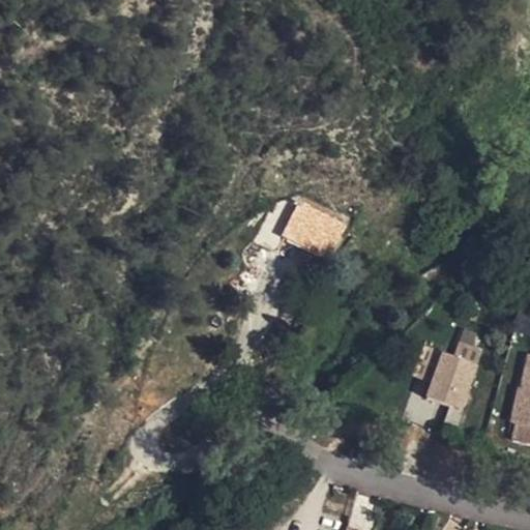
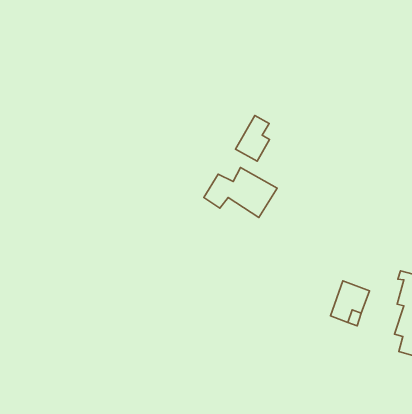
building: none -> [235,116,270,161]

